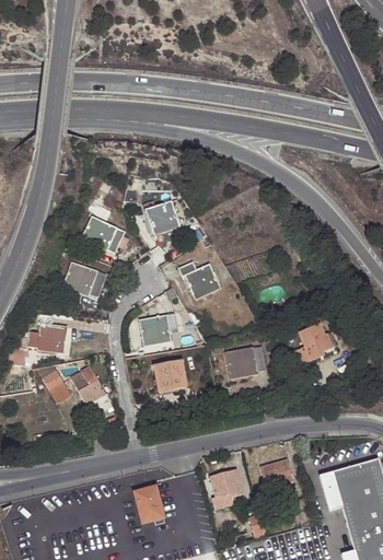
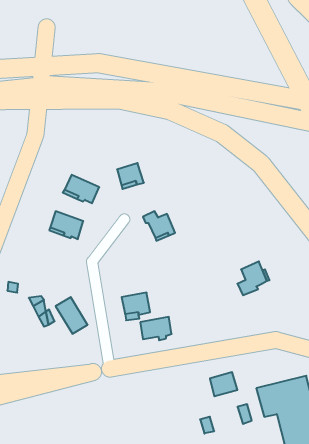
building: [37,314,67,352] -> none
building: [140,314,178,341] -> none
building: [227,347,265,375] -> [140,317,172,340]
building: [210,469,243,497] -> none
building: [130,486,164,524] -> none

